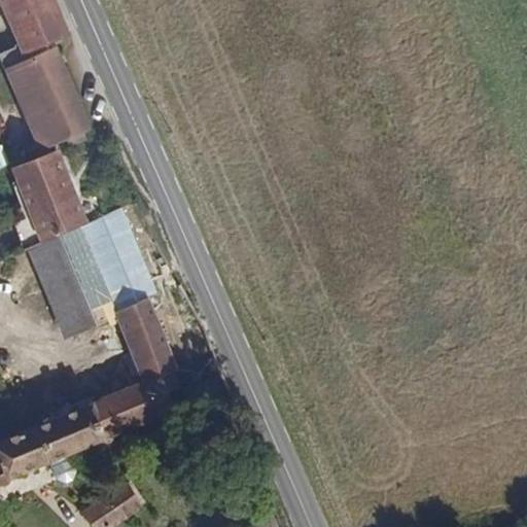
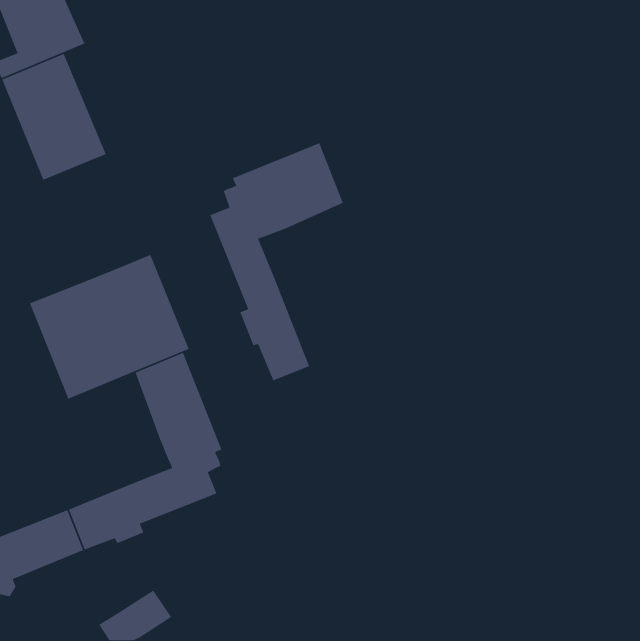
building: none -> [209,142,344,381]
building: [9,149,89,242] -> none

